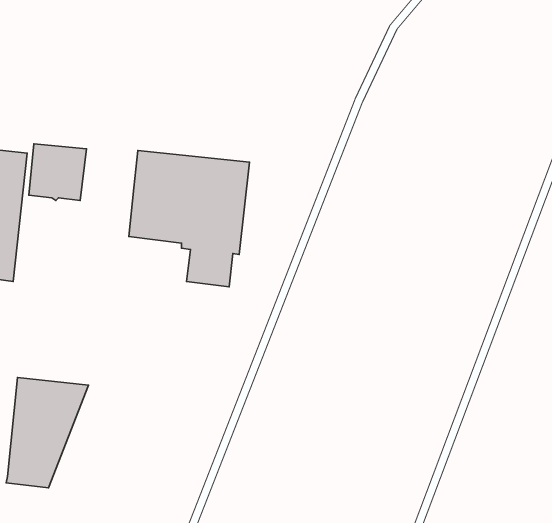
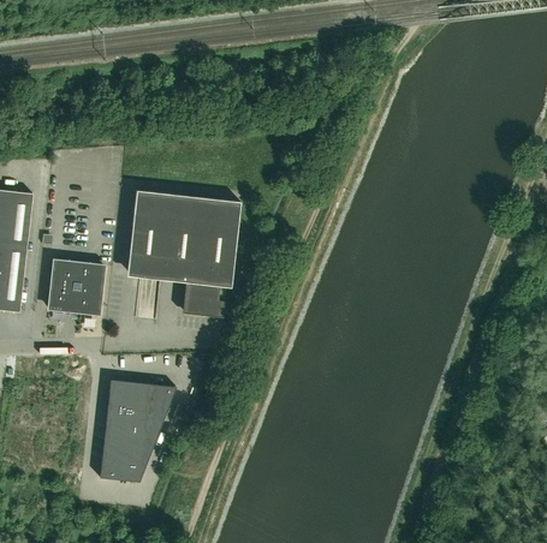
building: [29,144,87,200] -> [49,259,103,312]
building: [6,377,88,488] -> [99,378,176,482]

